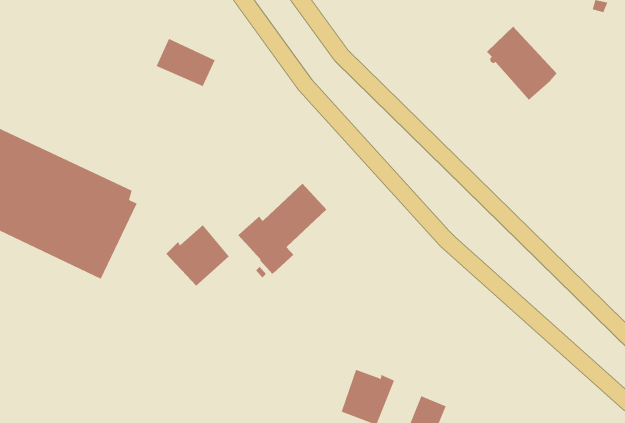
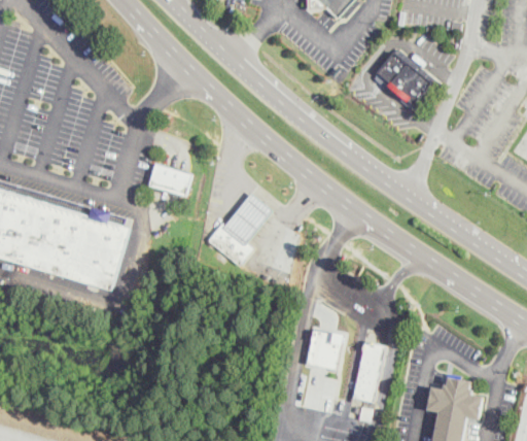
building: [156,38,215,87] -> [147,164,191,197]
building: [166,224,230,287] -> none

